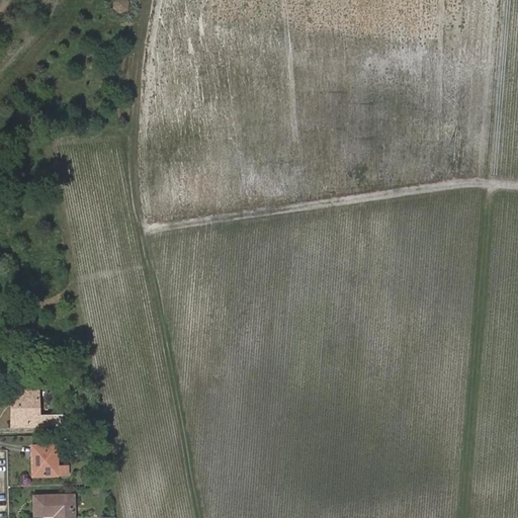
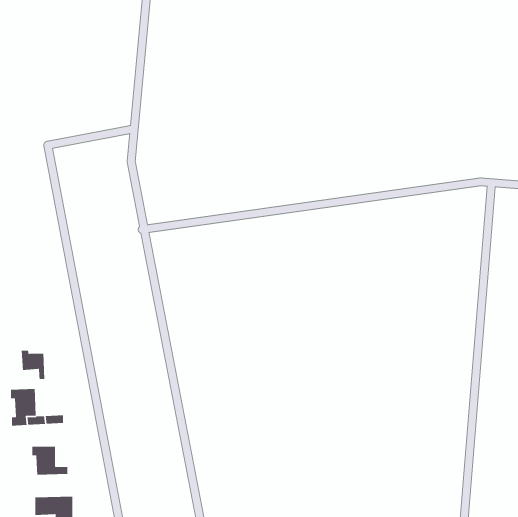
building: none -> [21,350,45,380]

